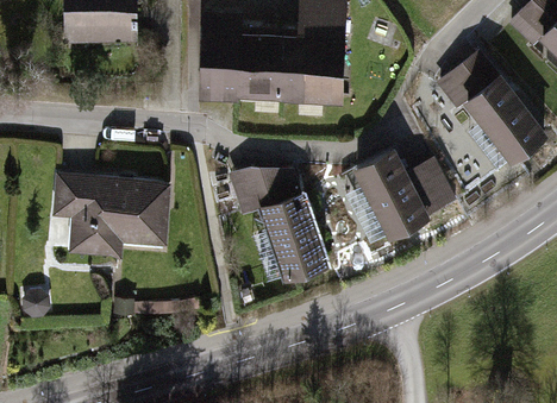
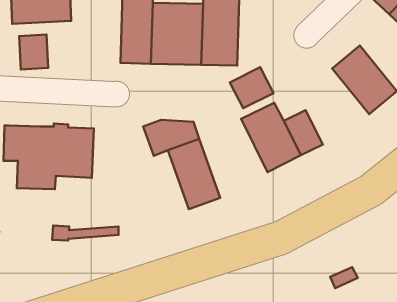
building: [439,52,500,109] -> none
building: none -> [19,34,48,70]
building: none -> [230,67,274,108]

